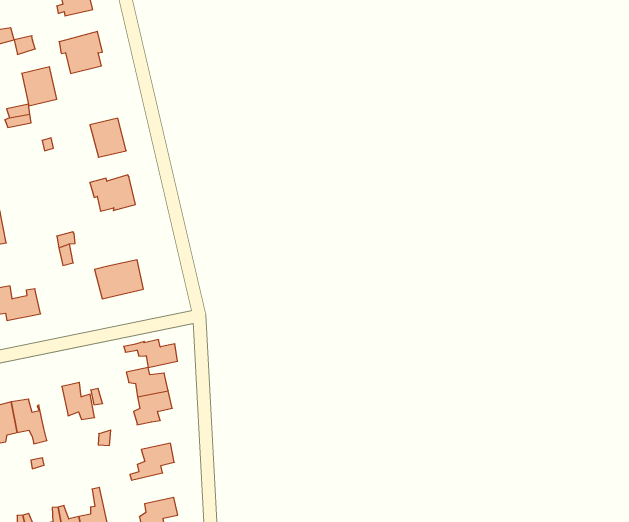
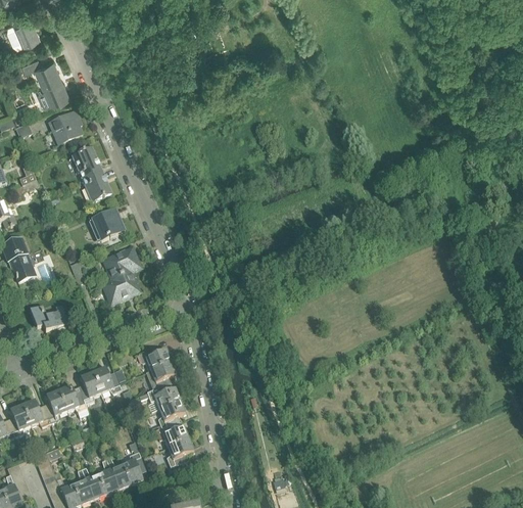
building: [22,67,57,106] -> [72,147,100,178]
building: none -> [103,245,141,278]
building: [124,340,177,367] -> [138,385,179,407]
building: none -> [79,371,101,403]
building: none -> [155,421,188,446]

